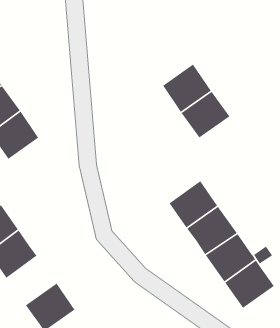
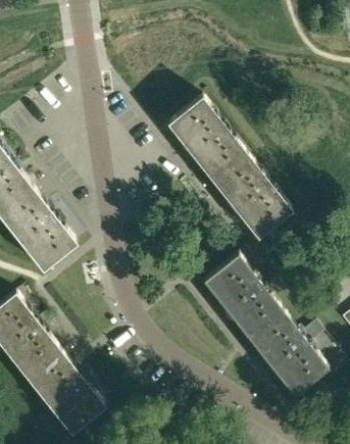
building: none -> [167,95,222,148]
building: none -> [234,179,292,237]
building: none -> [20,214,77,269]
building: none -> [26,347,83,403]

